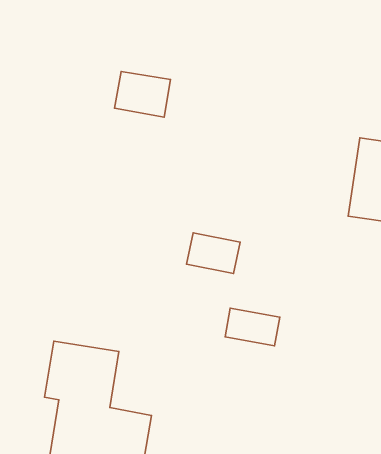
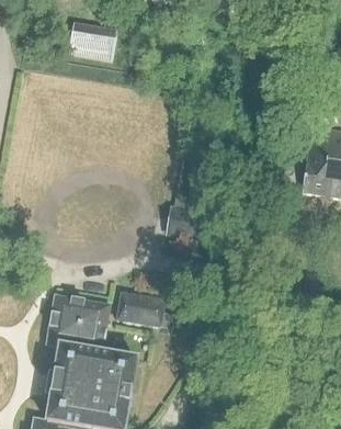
building: [115,72,171,117] -> [68,22,115,60]
building: [225,308,280,346] -> [120,292,166,324]

